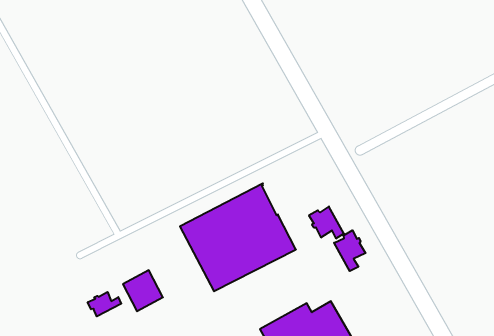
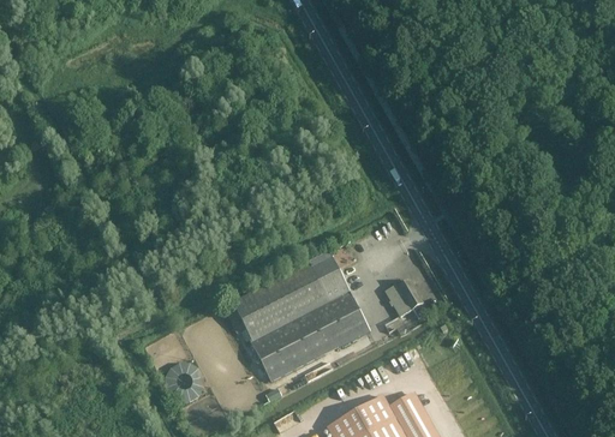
building: [334,230,366,271] -> none
building: [88,292,121,316] -> none

